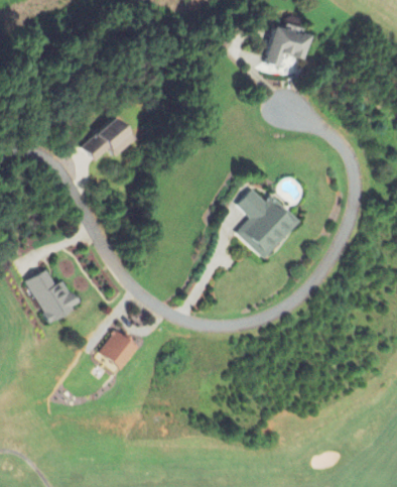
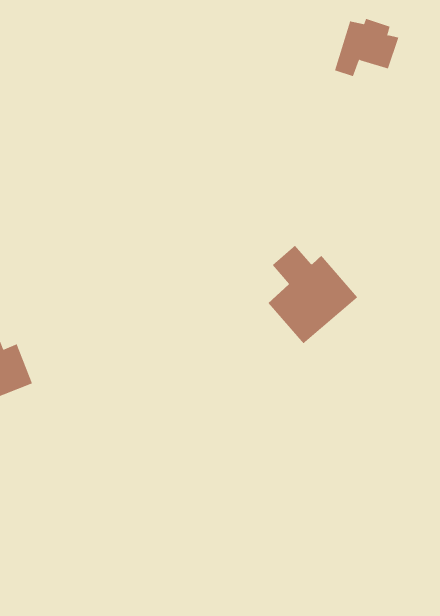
building: [82,118,131,160] -> none
building: [99,329,138,369] -> none

